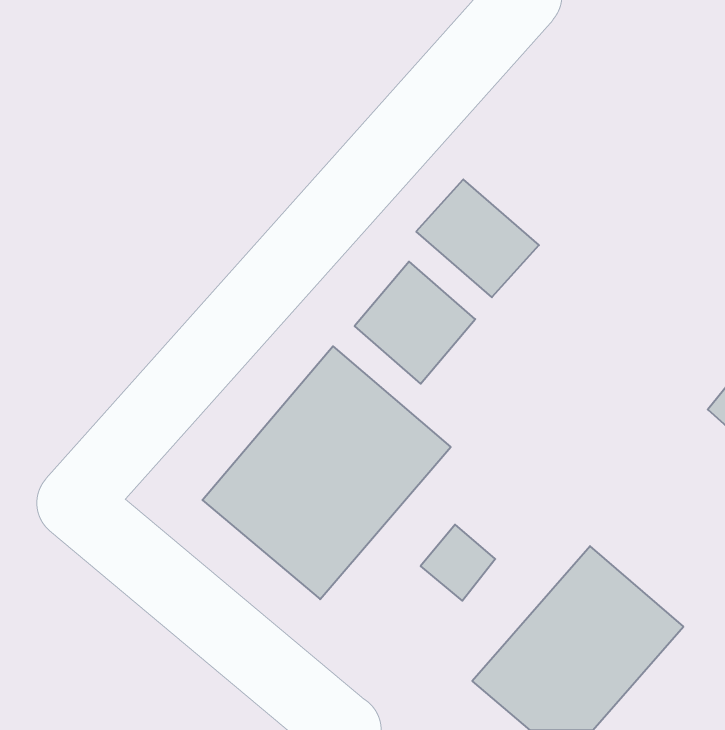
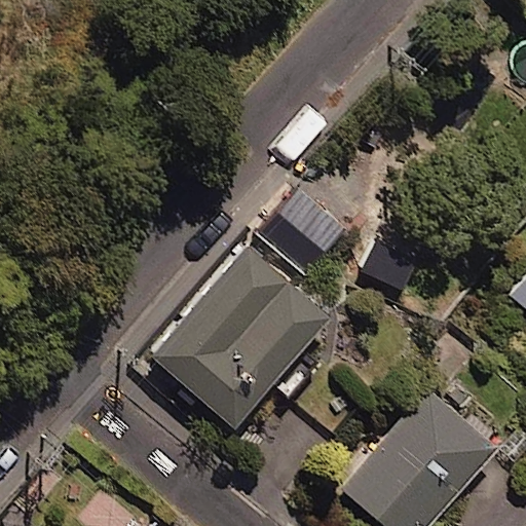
building: [416,179,539,297] -> none

